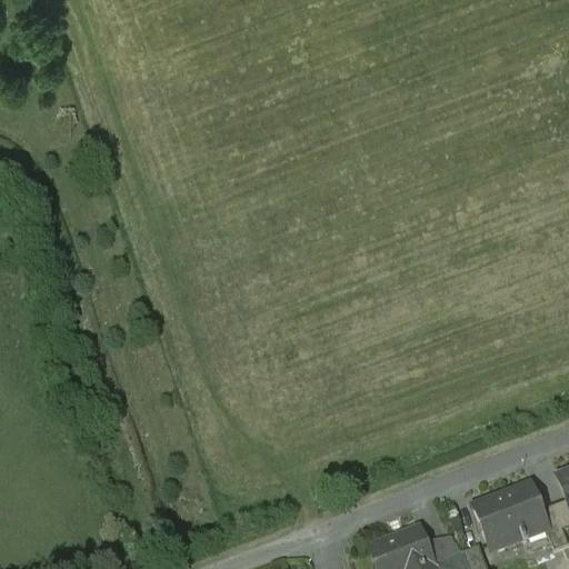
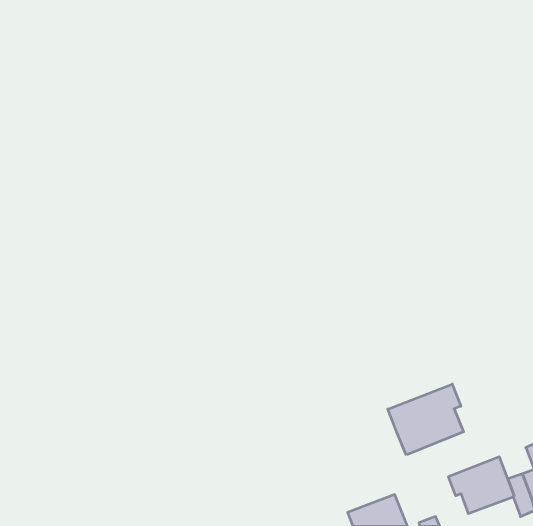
building: none -> [388,384,464,454]

